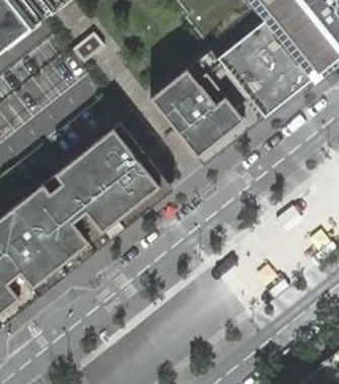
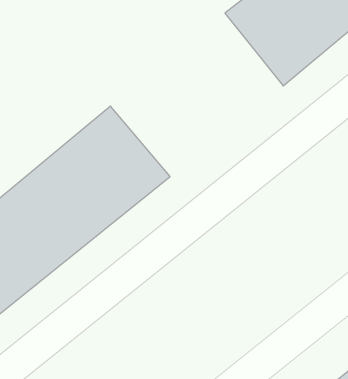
building: [151,47,269,163] -> none

